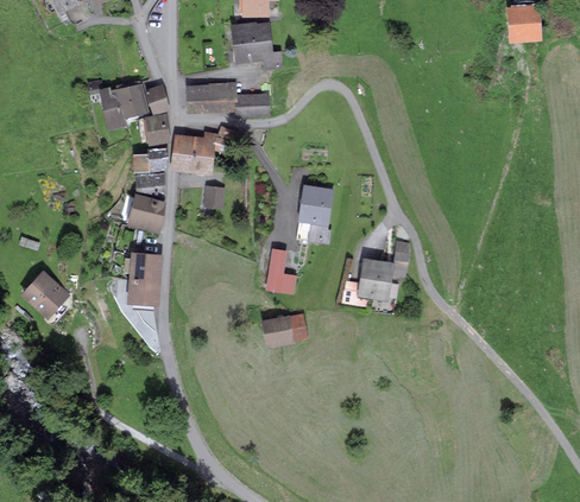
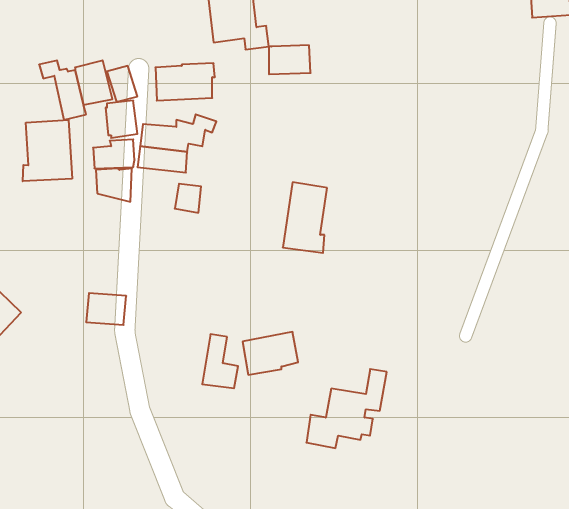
building: [234,93,270,117] -> [269,45,311,74]
building: none -> [23,120,72,181]
building: [126,193,164,234] -> none
building: [341,241,410,309] -> [306,369,387,448]
building: [265,248,296,294] -> [202,334,238,388]
building: [124,252,163,281] -> none

